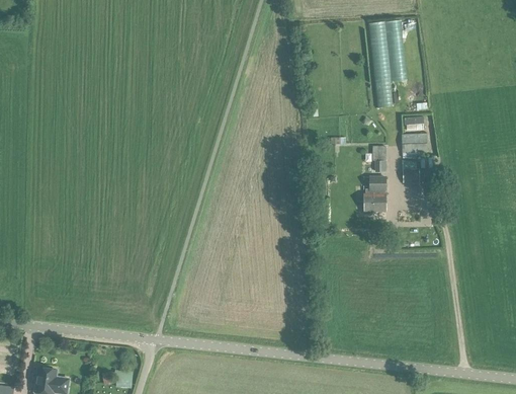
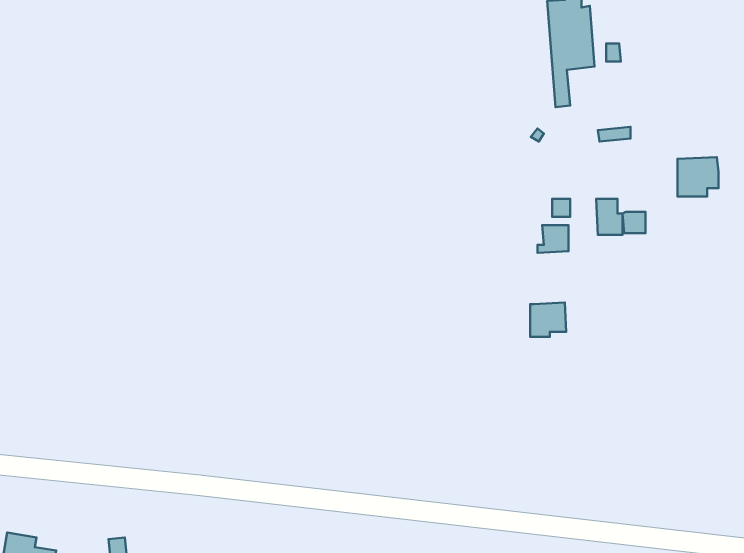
building: [402,132,427,156] -> [678,157,718,196]
building: [364,191,386,213] -> [530,302,566,337]

